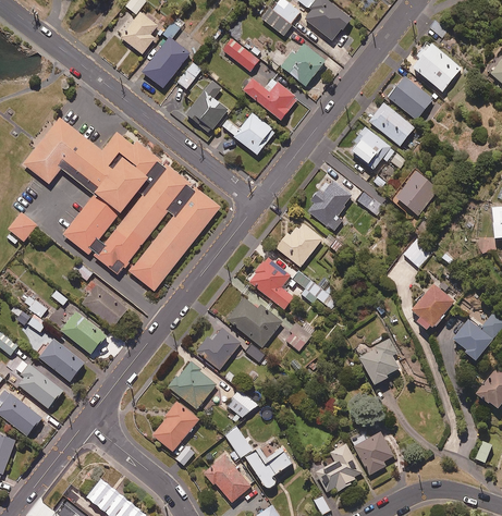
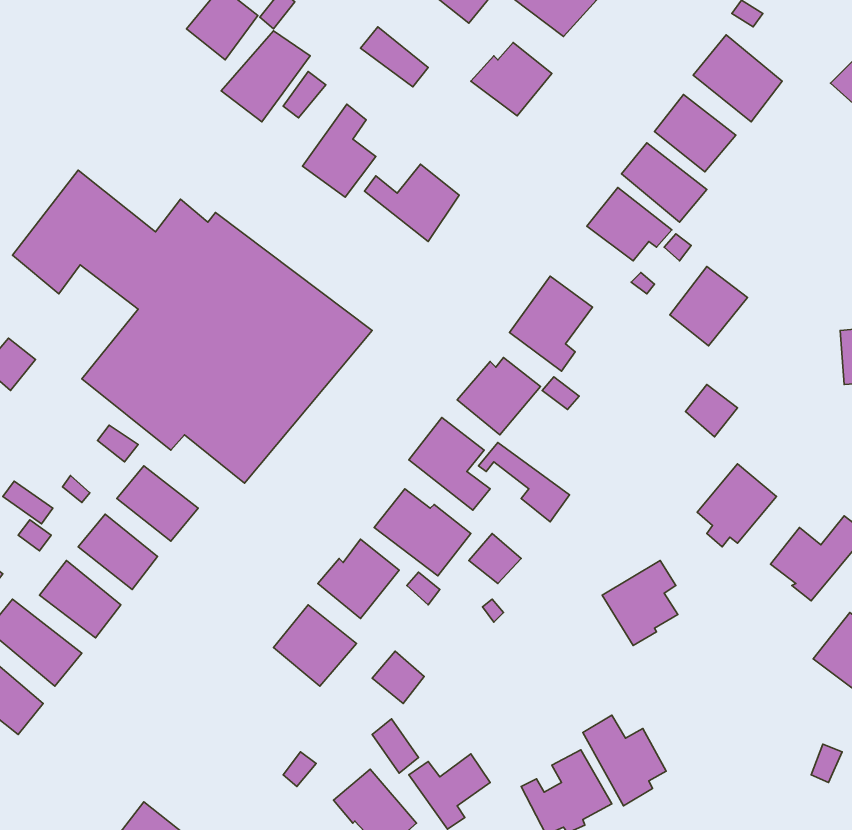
building: [244,81,298,123] -> none
building: [152,402,199,452] -> none

